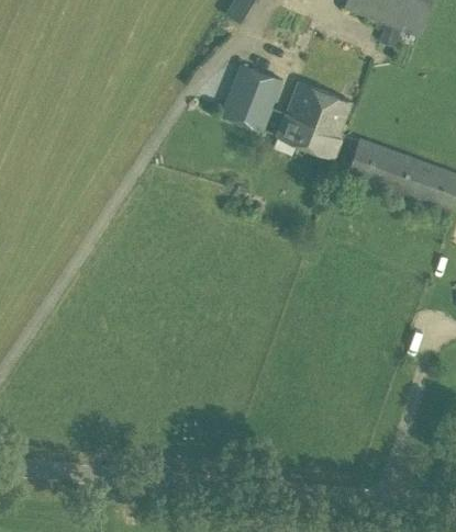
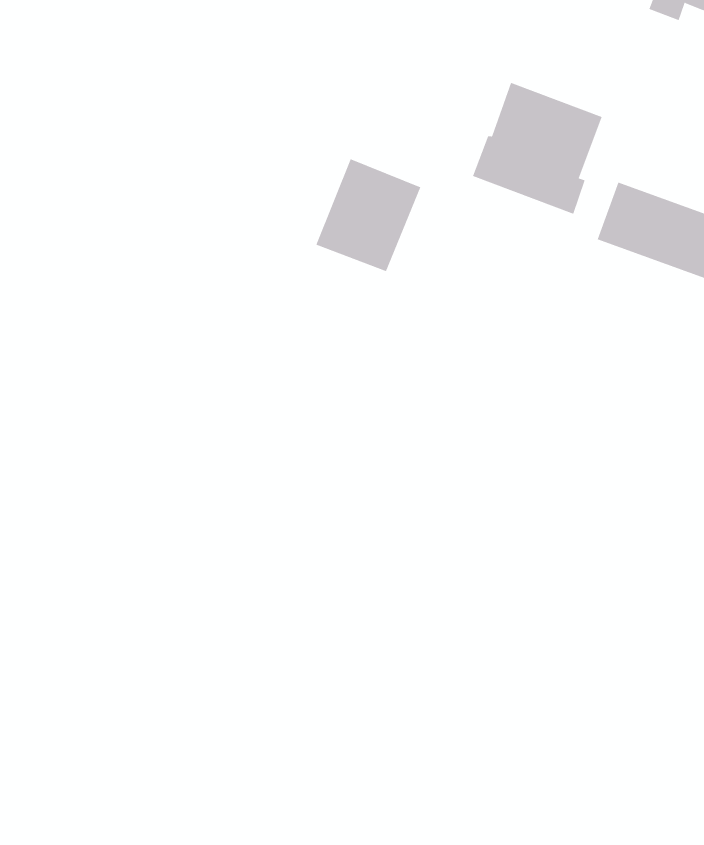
building: [221,66,281,131] -> [316,159,421,272]

